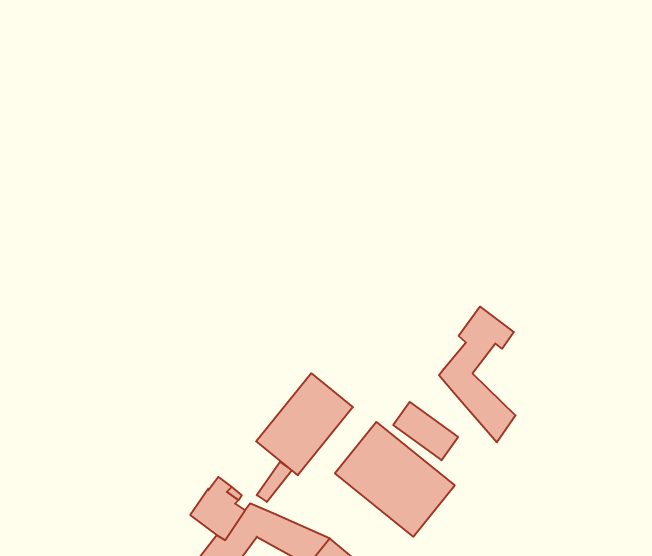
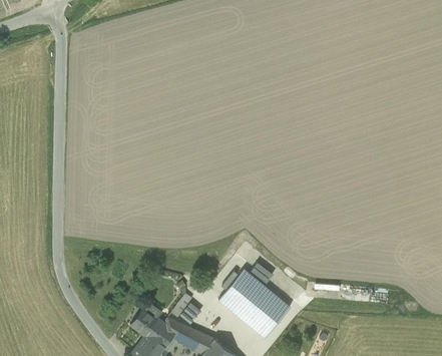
building: [439,307,516,442] -> none
building: [256,373,353,475] -> none

